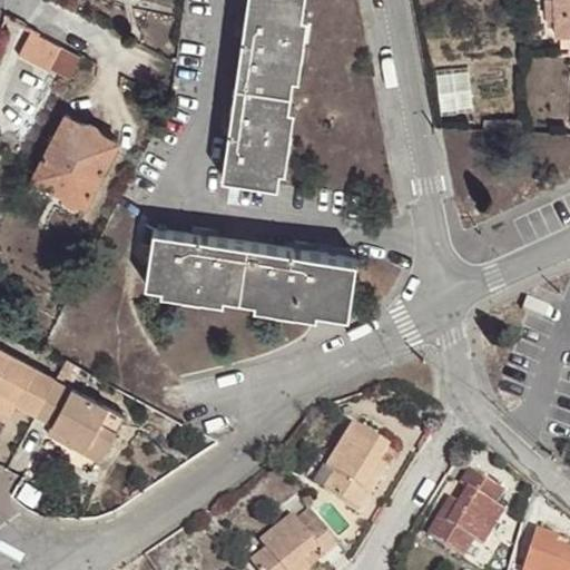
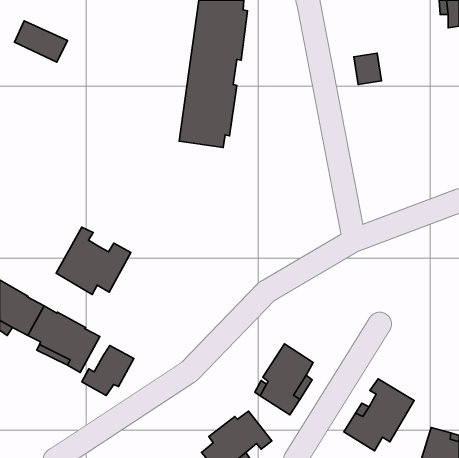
building: [32,116,116,207] -> none
building: [145,232,353,316] -> none
building: none -> [56,227,131,295]
building: none -> [82,345,134,396]

